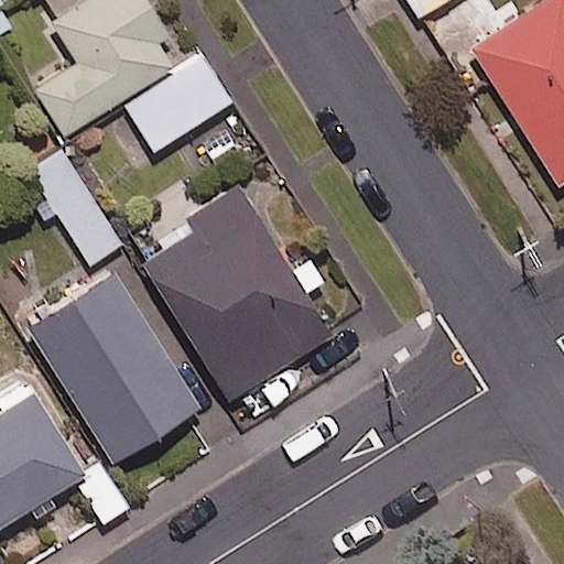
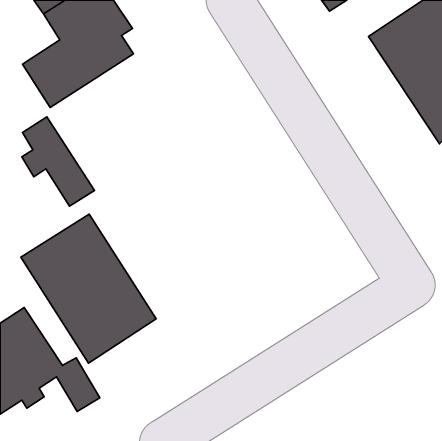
building: [121,55,231,153] -> none
building: [142,186,333,400] -> none

